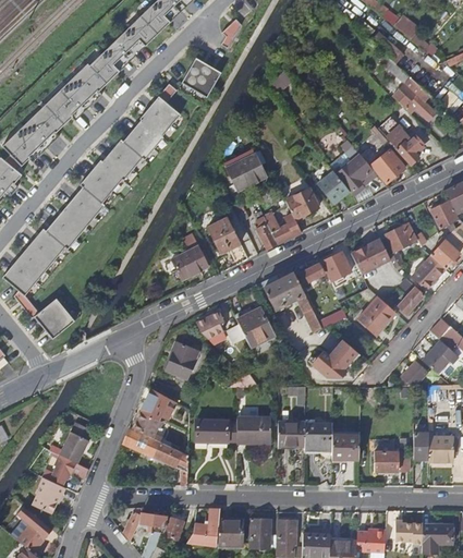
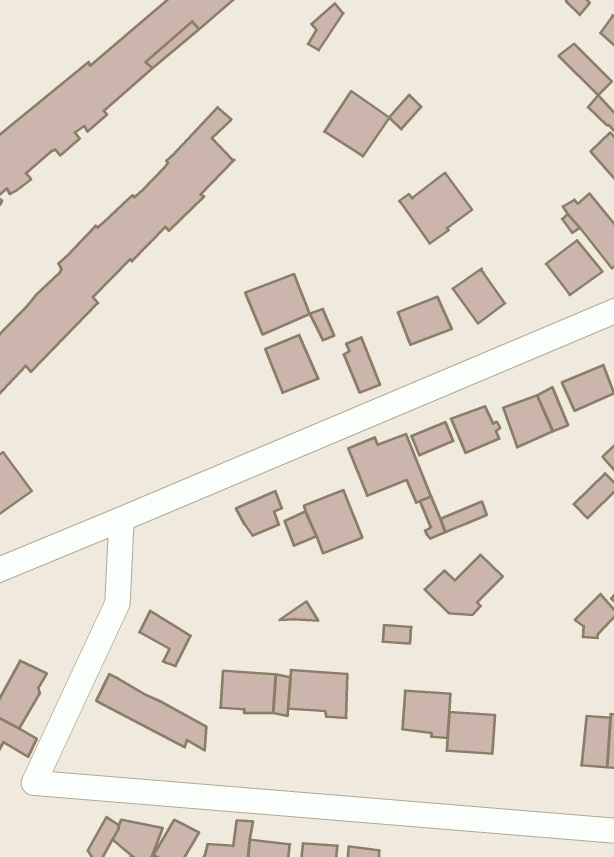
building: [180,58,218,96] -> [324,91,390,156]
building: [332,153,376,195] -> [399,173,472,243]
building: [226,154,265,191] -> [245,274,310,334]
building: [264,211,301,243] -> none
building: [170,244,207,279] -> none
building: [357,295,395,333] -> none
building: [165,342,197,378] -> none
building: [133,400,162,437] -> none
building: [278,416,304,442] -> none
building: [373,451,397,472] -> none

